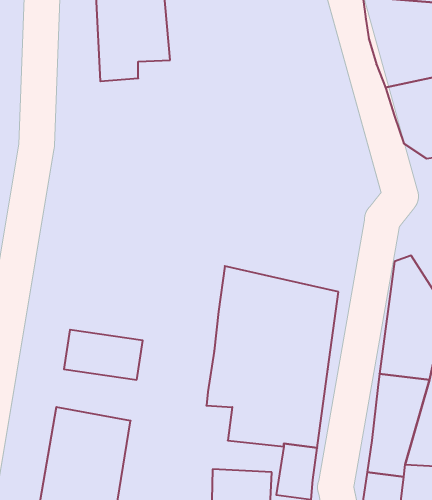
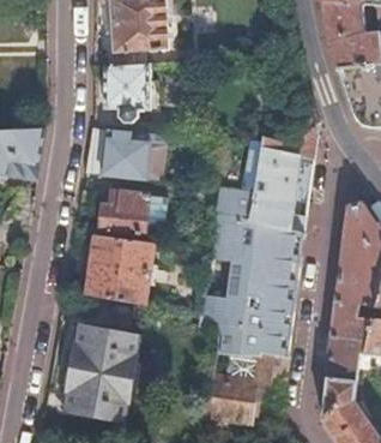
building: none -> [105,64,150,124]
building: none -> [250,122,319,233]
building: none -> [86,127,150,178]
building: none -> [99,190,149,232]
building: none -> [91,234,153,271]

